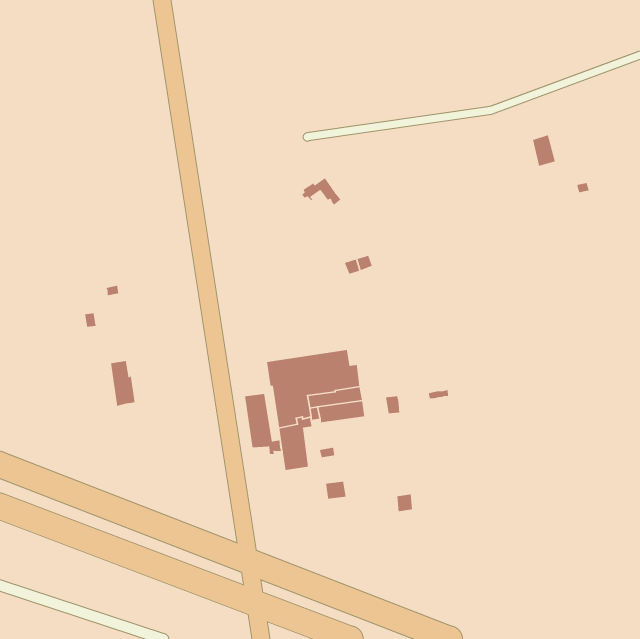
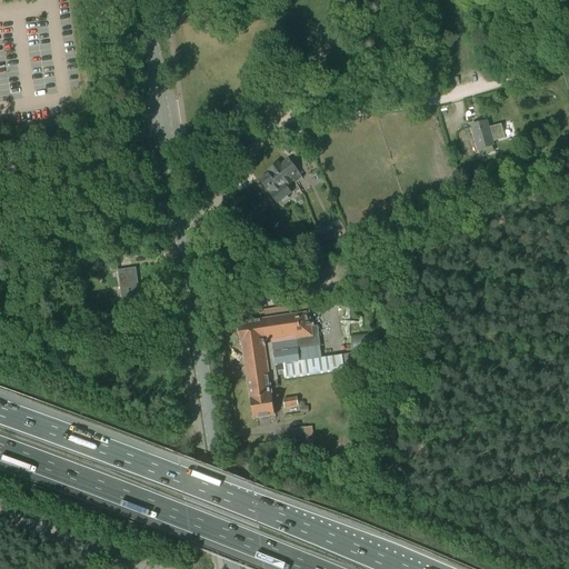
building: none -> [259,169,293,201]
building: [110,360,135,407] -> [118,267,140,308]
building: [244,393,282,455] -> none

